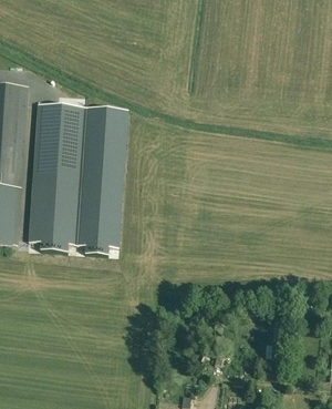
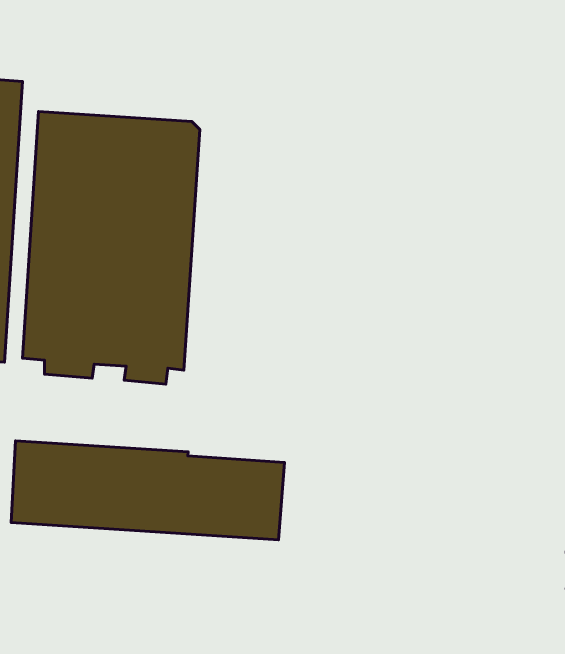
building: none -> [11,441,284,540]

